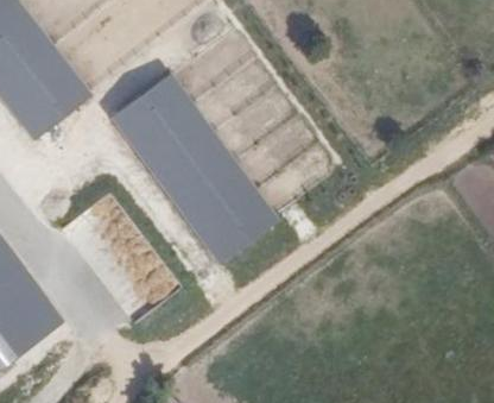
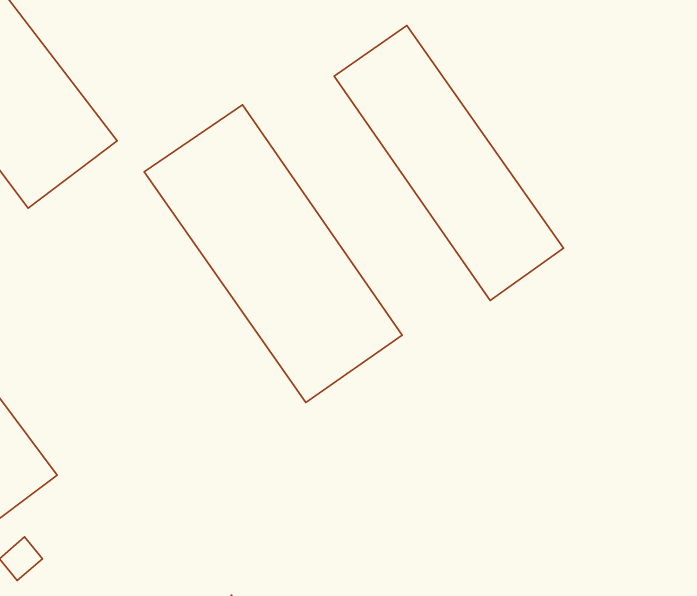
building: none -> [334,25,563,300]

